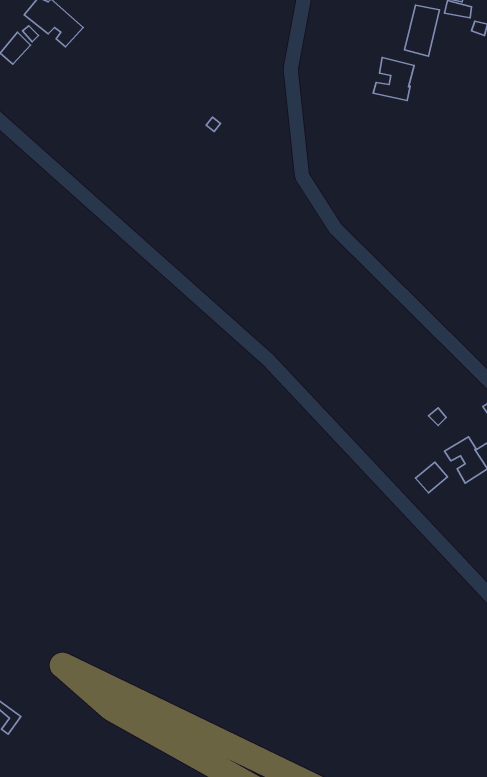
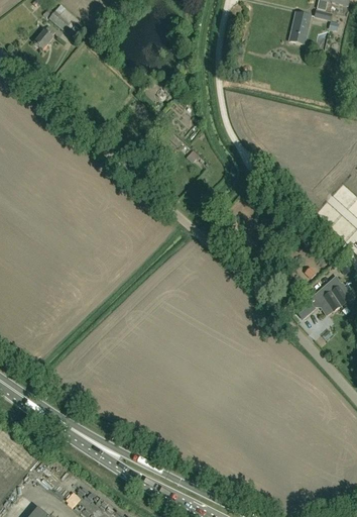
building: [373,58,414,100] -> none

